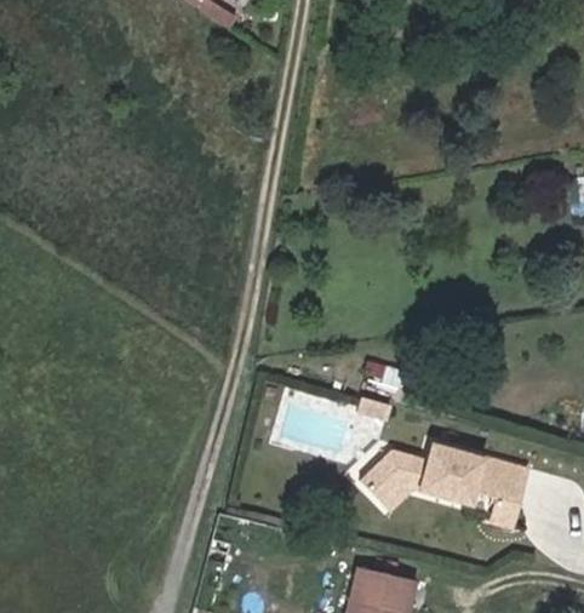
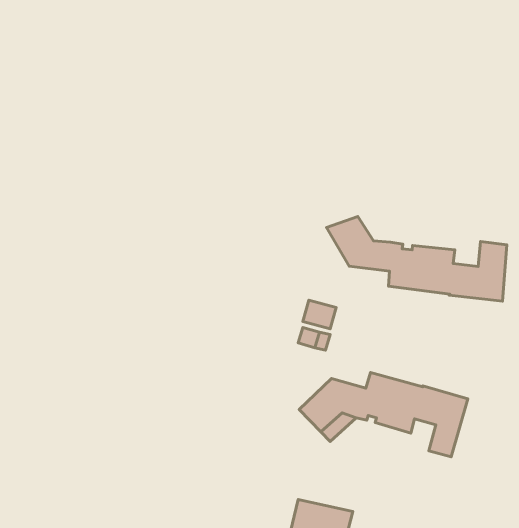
building: none -> [327,216,507,301]

